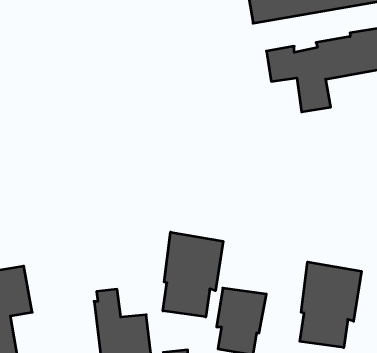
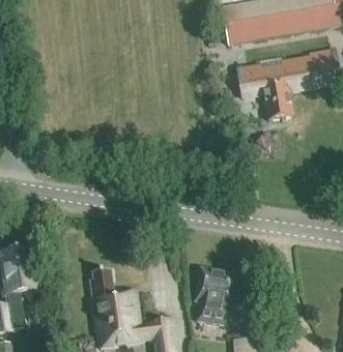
building: [163,232,223,317] -> none
building: [300,262,361,348] -> none

